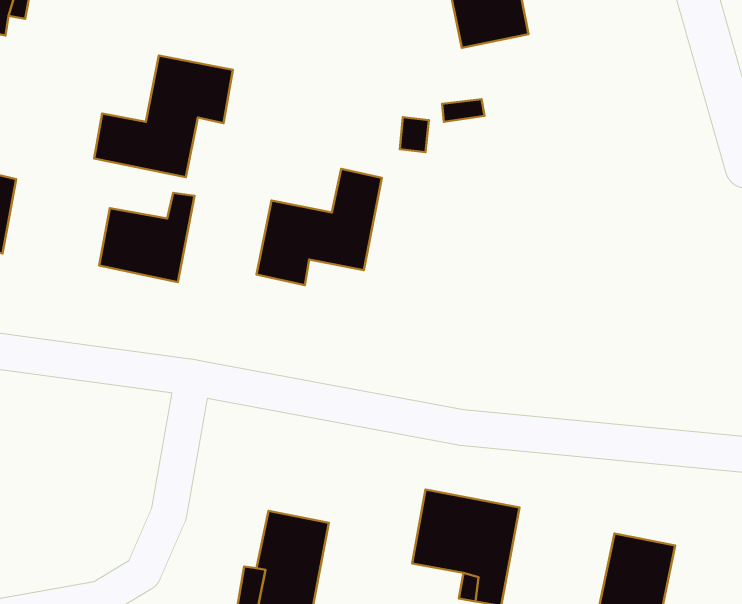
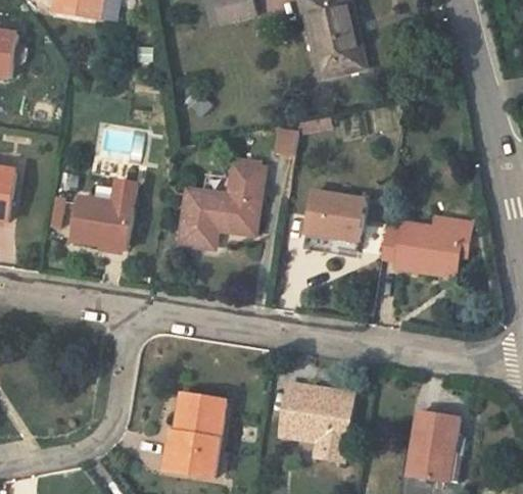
building: [94,55,233,177] -> none
building: none -> [310,194,368,243]
building: none -> [389,224,469,276]

